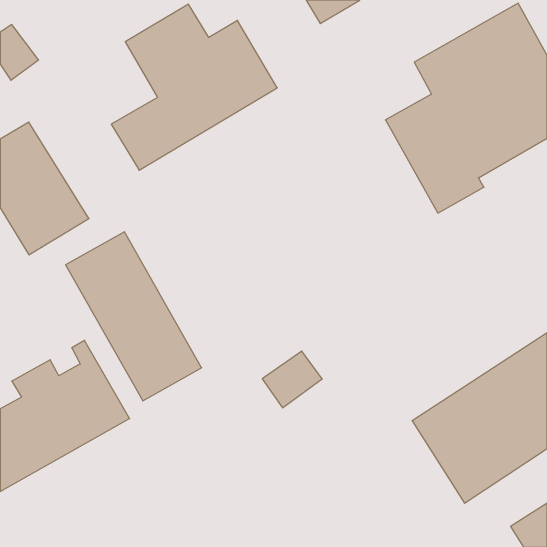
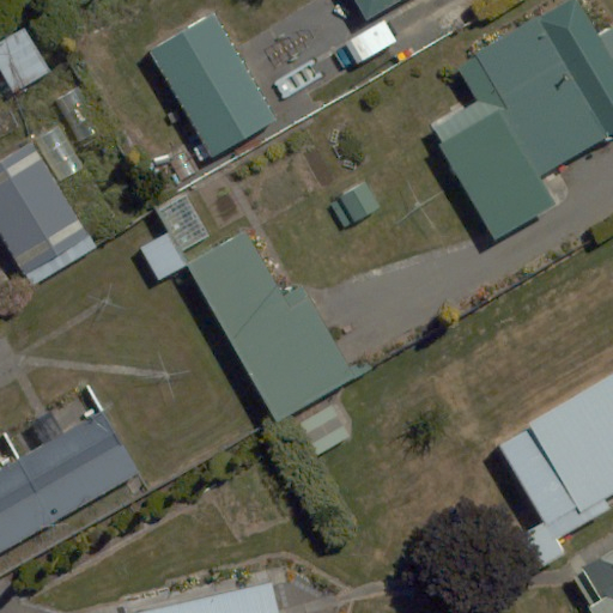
building: [66,232,202,401] -> [189,232,341,421]

